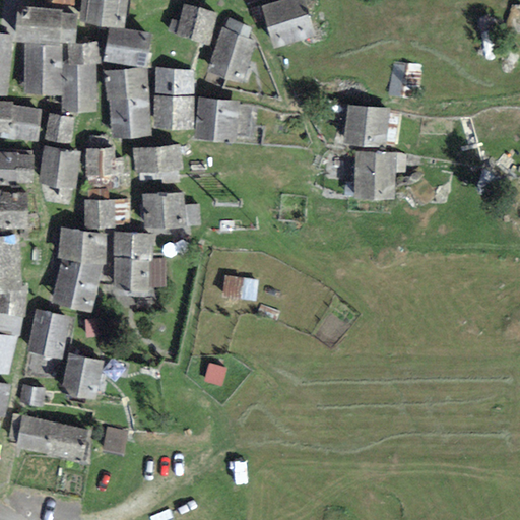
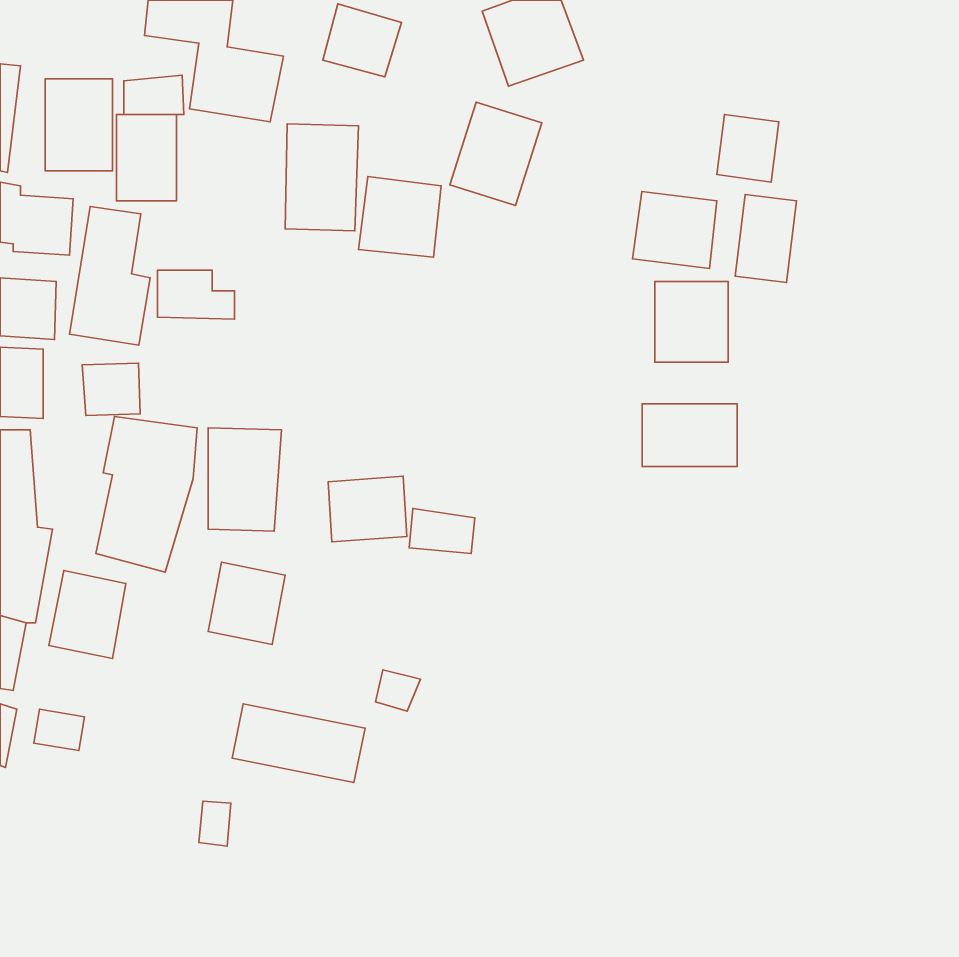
building: [15,5,76,42] -> none
building: [206,27,256,83] -> [450,102,542,206]
building: [106,69,152,135] -> none
building: none -> [735,194,797,282]
building: [132,144,181,172] -> none
building: [142,192,185,228] -> [328,476,407,542]
building: [82,199,114,228] -> [82,363,140,416]
building: none -> [642,404,737,466]
building: [60,352,102,397] -> [208,562,285,645]
building: [16,416,88,459] -> [232,704,365,783]

